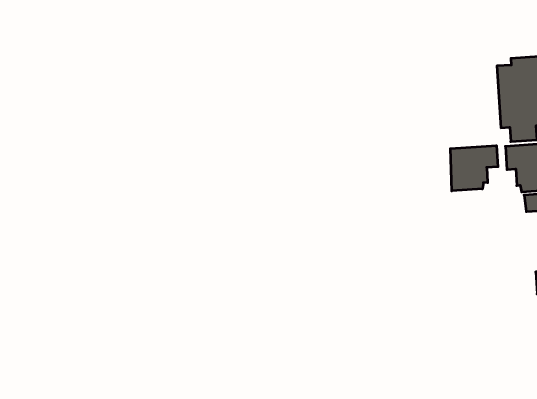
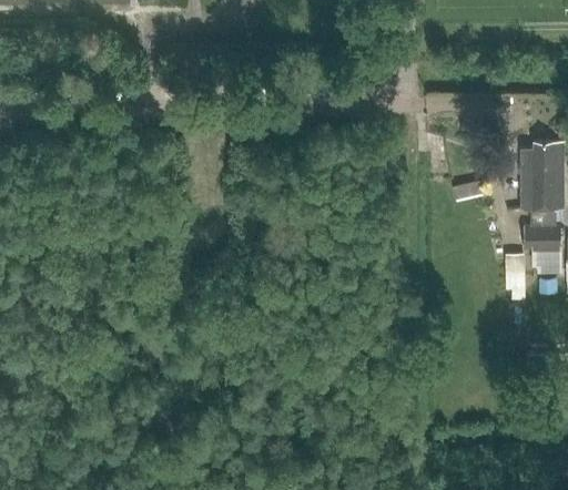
building: [450,146,498,191] -> none

